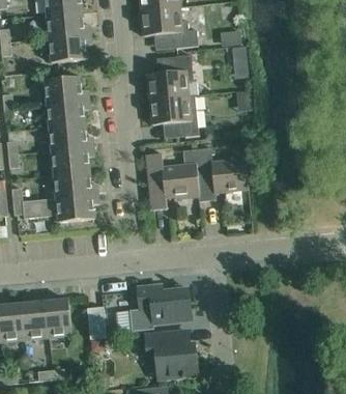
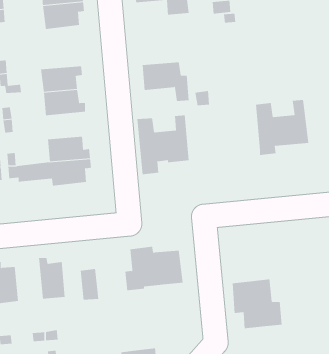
building: [146,54,193,98] -> none
building: [44,76,88,103] -> none
building: [194,144,249,201] -> [255,99,309,155]
building: [51,146,93,174] -> none
building: [21,294,48,339] -> none
building: [145,329,197,379] -> [232,279,283,329]

